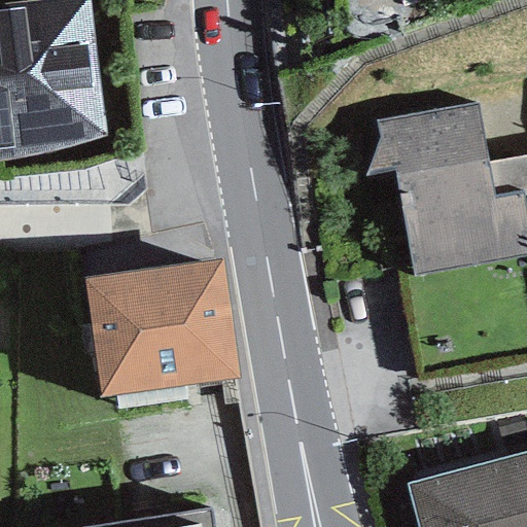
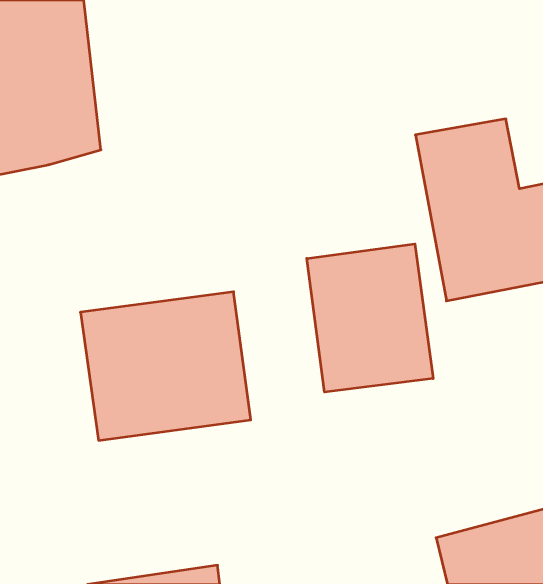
building: none -> [307,244,433,392]

